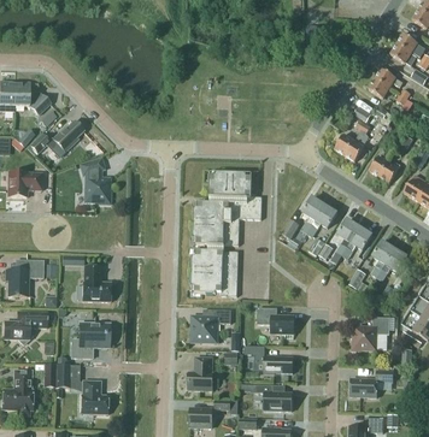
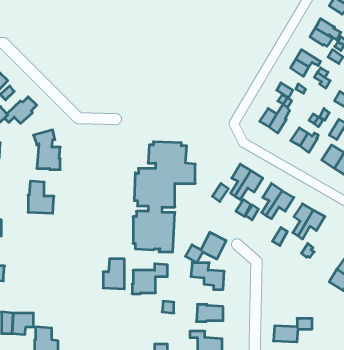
building: [82,265,111,301] -> [28,181,54,213]
building: none -> [185,232,226,263]
building: [352,317,389,350] -> none
building: [71,321,111,358] -> none
building: [188,356,212,390] -> [103,259,124,289]

